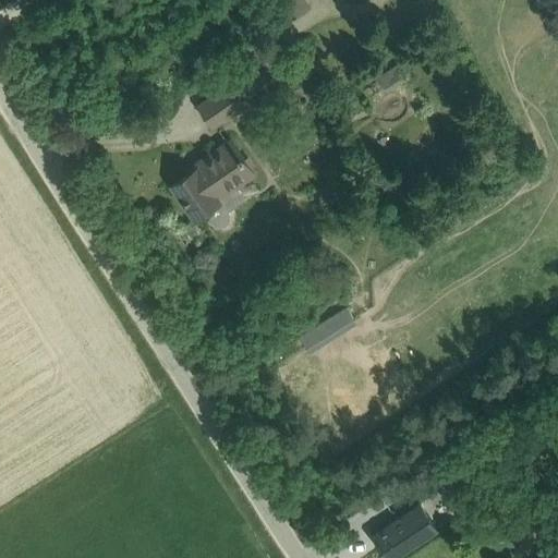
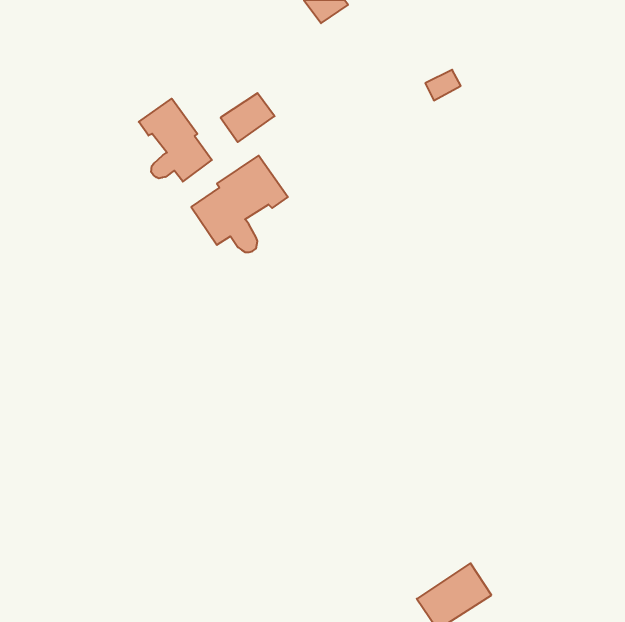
building: none -> [139,99,212,182]
building: [300,308,356,354] -> none

